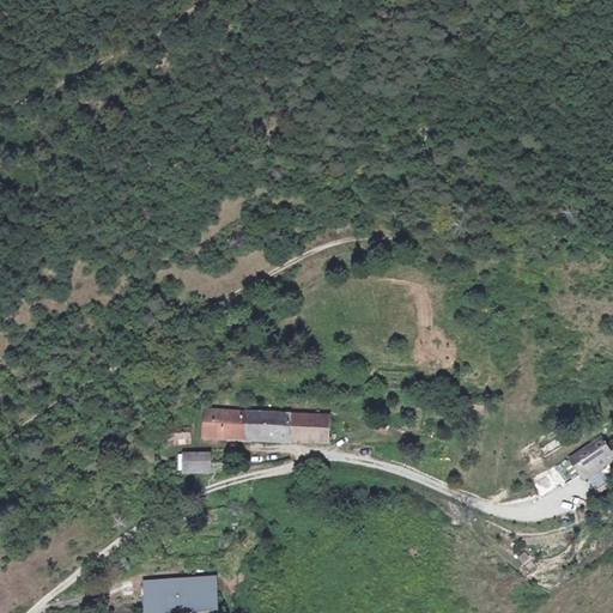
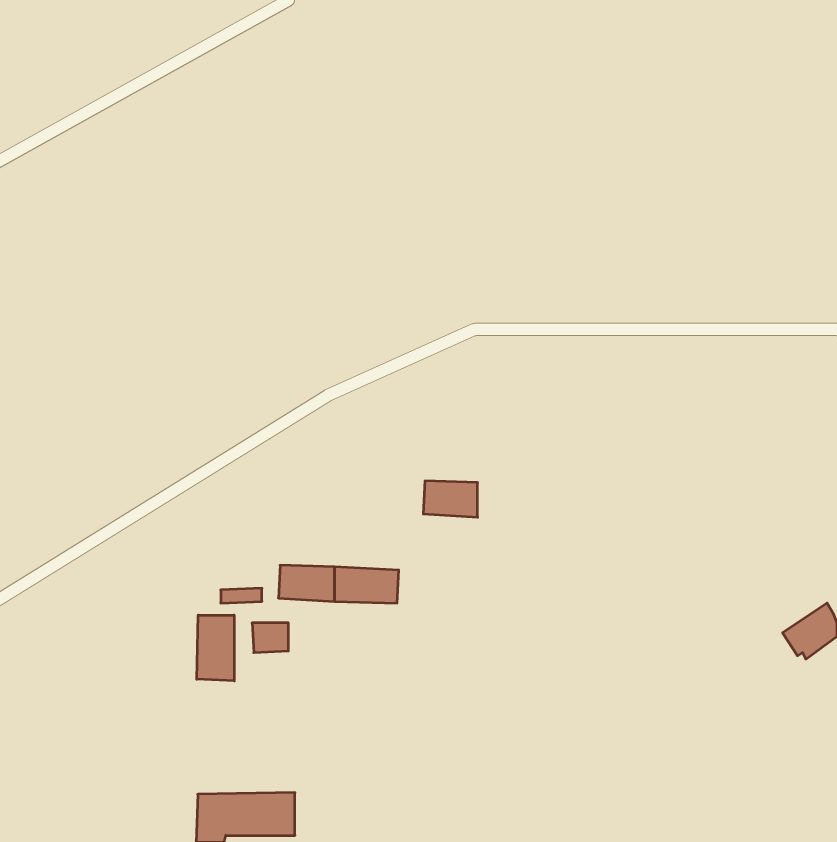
building: [289,414,328,441] -> [423,481,478,517]
building: none -> [197,615,234,681]

